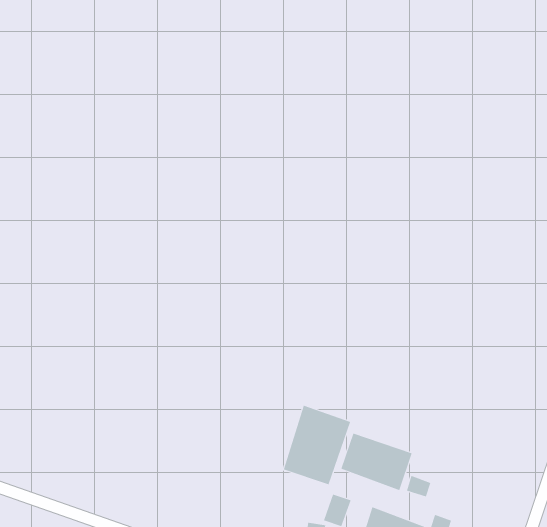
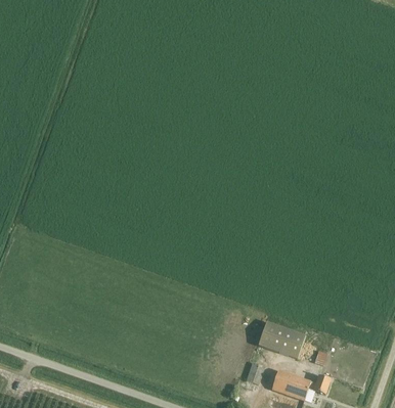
building: [283,405,351,485] -> none

